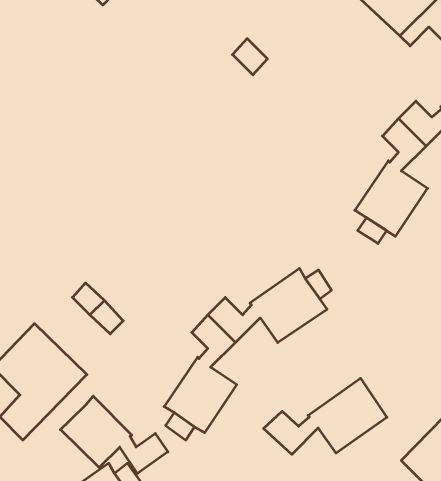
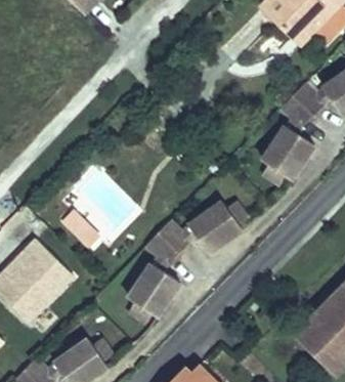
building: [264,378,387,454] -> none
building: [60,396,168,473] -> none

